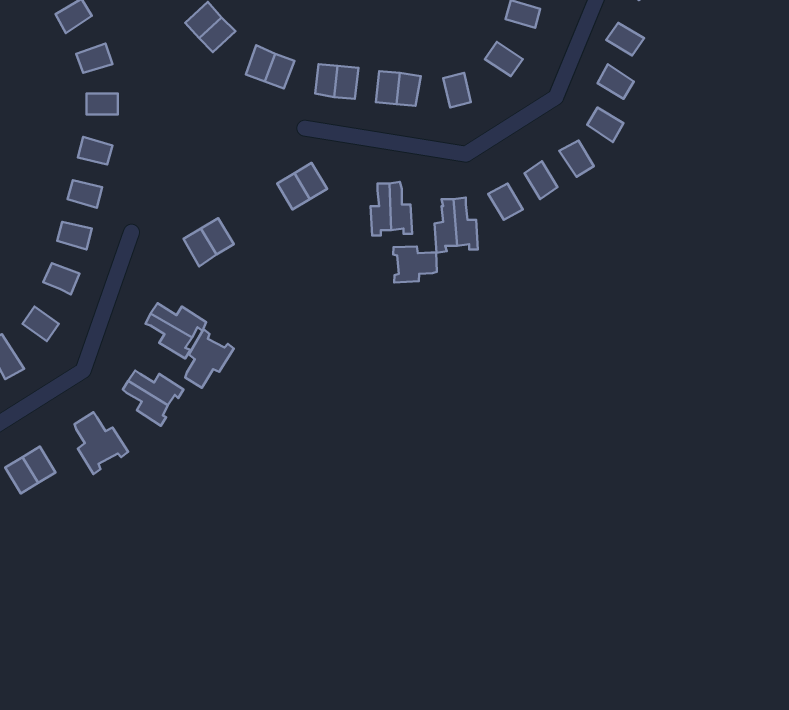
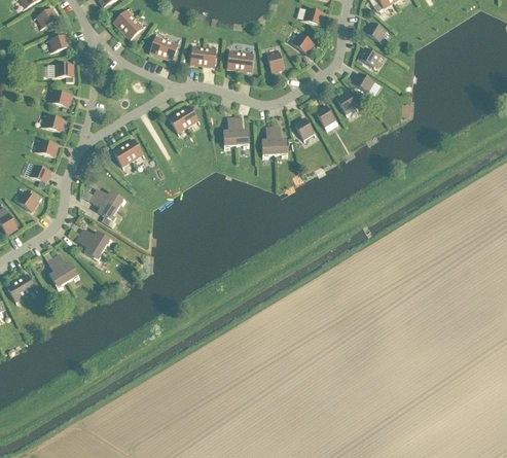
building: [393,247,437,282] -> none
building: [185,329,234,388] -> none

